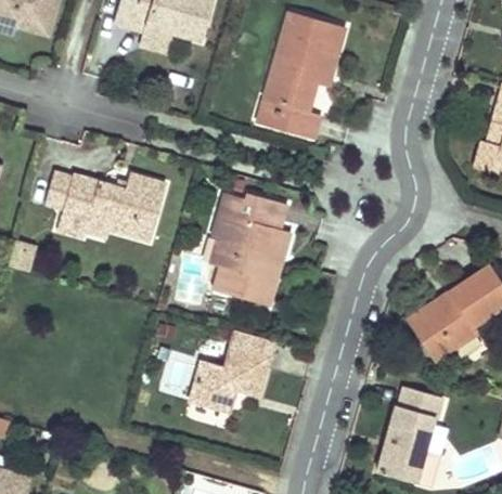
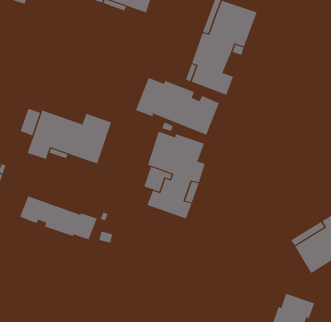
building: none -> [135,77,219,136]
building: none -> [20,195,97,240]
building: [189,330,274,411] -> none

